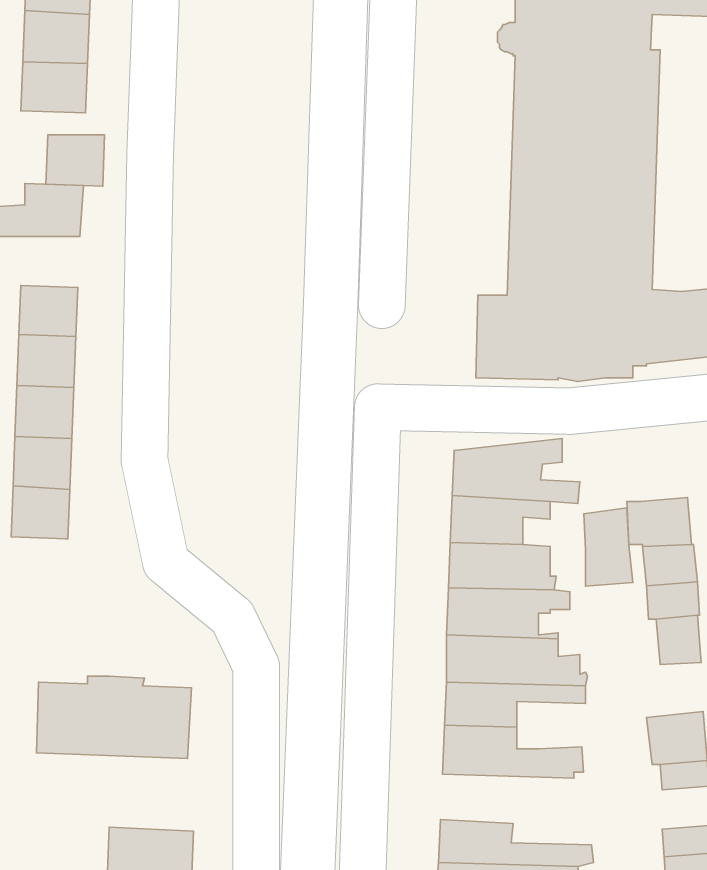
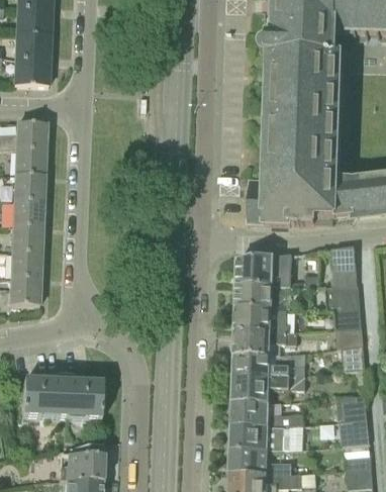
building: [46,135,105,186] -> [13,149,43,175]
building: [584,508,633,586] -> [331,244,357,285]
building: none -> [229,425,298,451]

